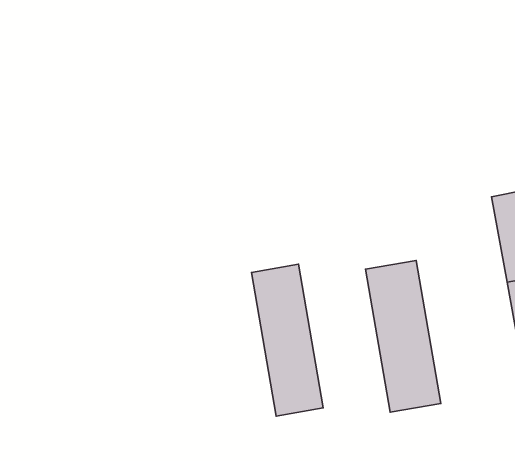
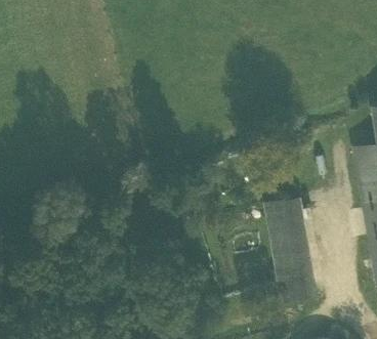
building: [252,264,323,416] -> none

